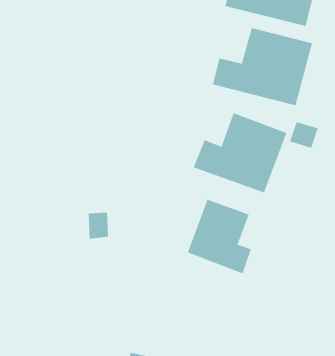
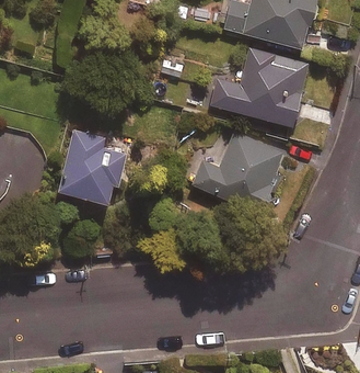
building: none -> [59,132,128,204]
building: [187,199,252,274] -> none

